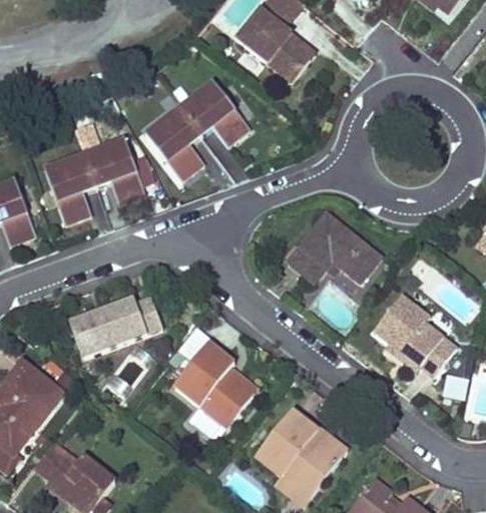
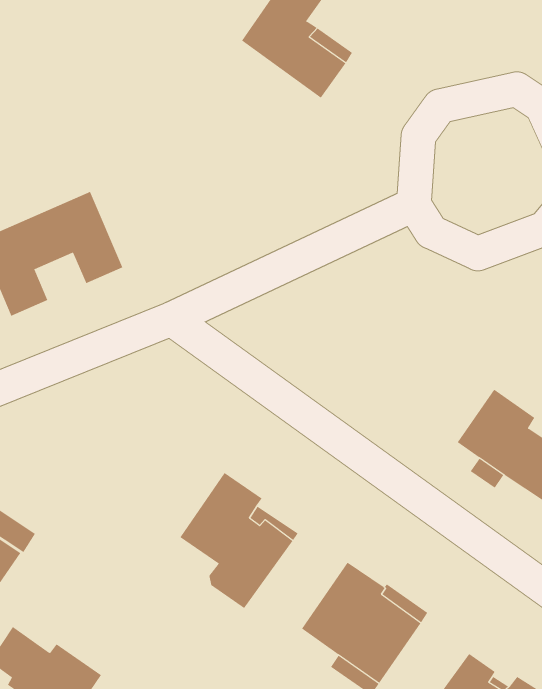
building: [145,81,250,180] -> none
building: [287,212,381,283] -> none
building: [69,296,162,358] -> none

